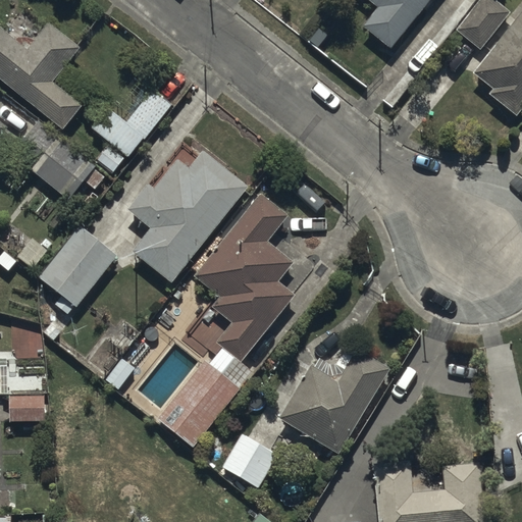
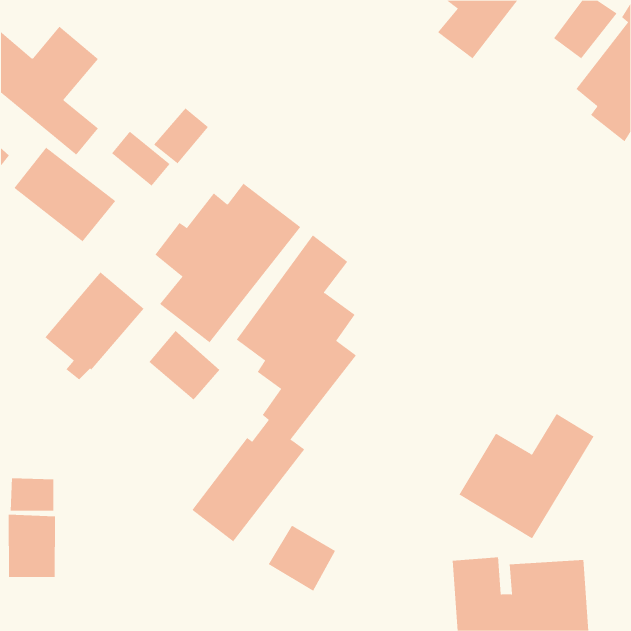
building: none -> [148,330,220,400]
building: [277,350,389,454] -> [459,413,594,539]
building: none -> [8,514,55,578]

